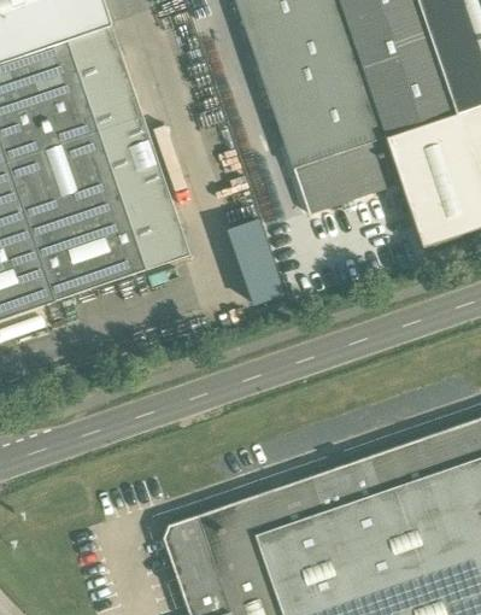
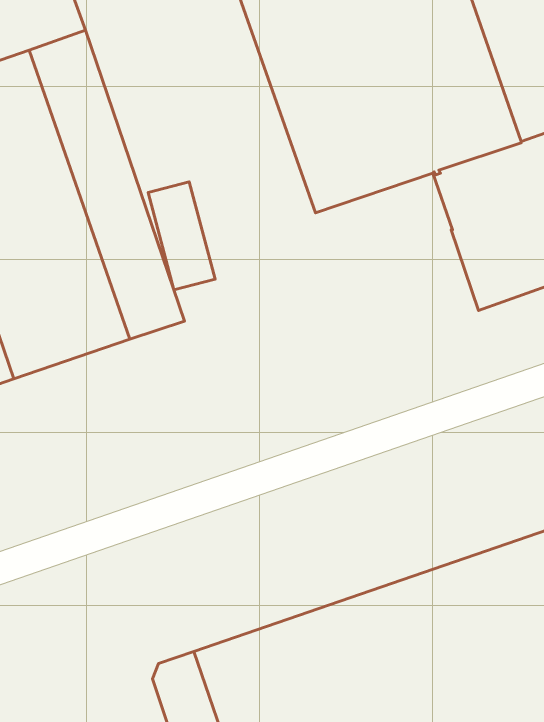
building: [293,140,401,216] -> none
building: [228,221,281,306] -> [148,182,215,290]

